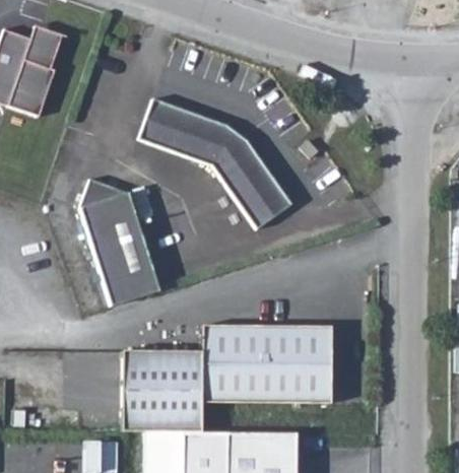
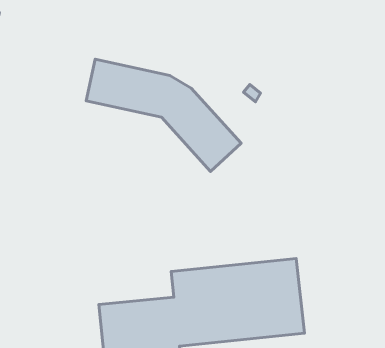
building: [81,177,160,306] -> none

